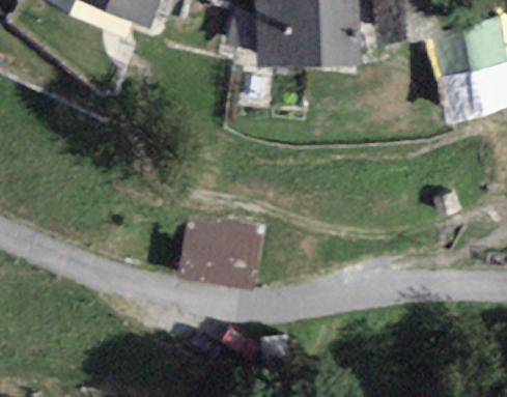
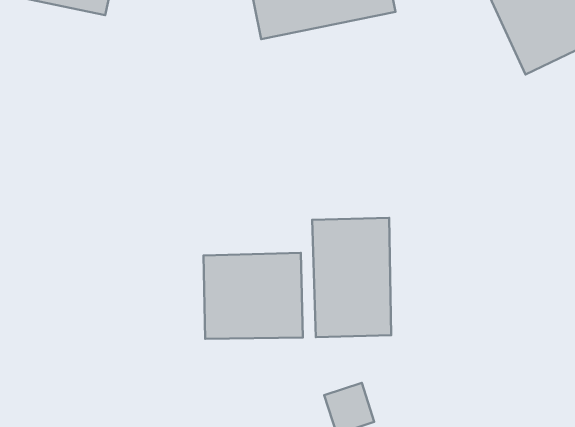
building: none -> [312,218,391,337]

